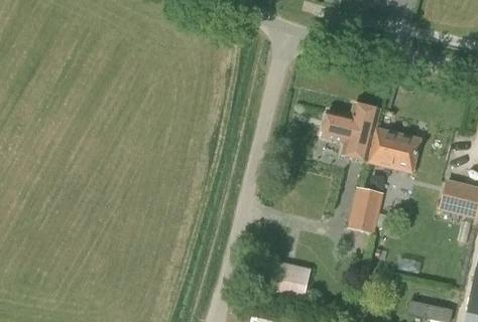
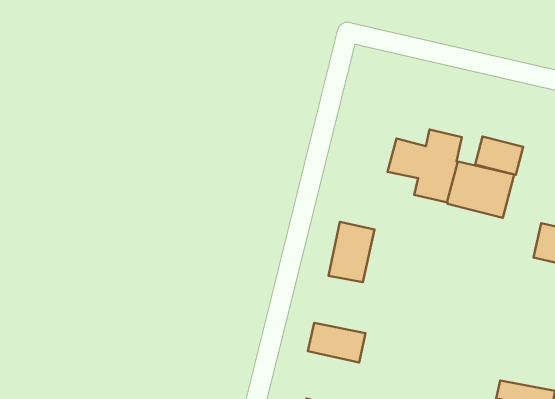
building: none -> [475,136,523,175]
building: [349,186,385,233] -> [328,222,375,282]

